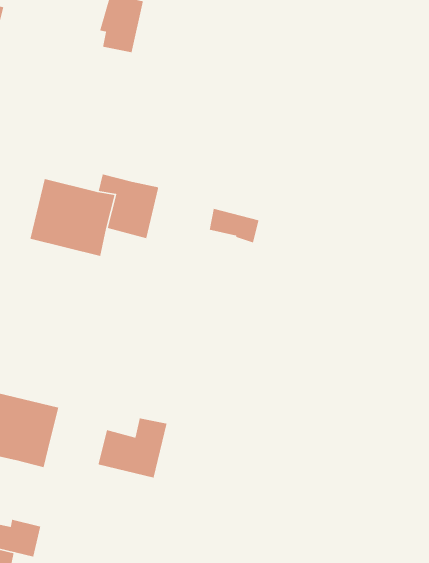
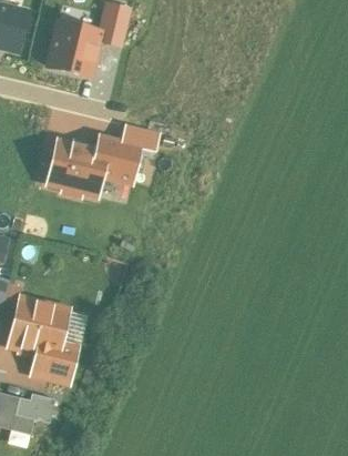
building: none -> [45,19,101,74]
building: [209,208,259,243] -> [121,123,158,150]
building: [98,417,168,478] -> [28,340,80,385]

